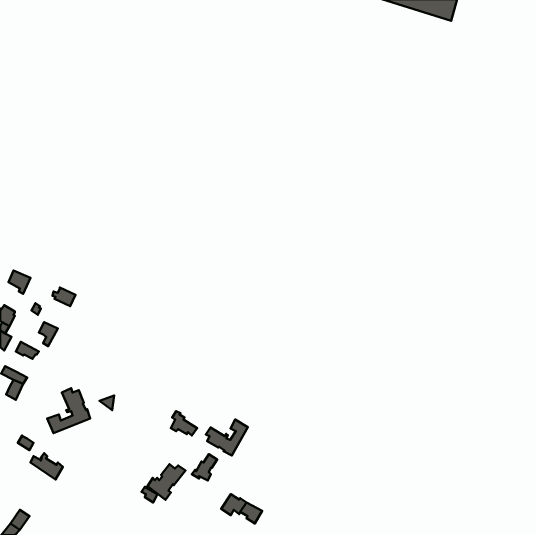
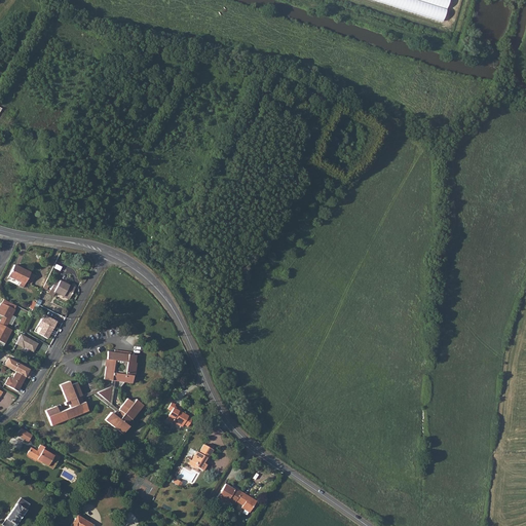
building: none -> [105,350,135,388]
building: [206,419,248,455] -> none
building: [148,464,185,500] -> [106,399,143,434]

